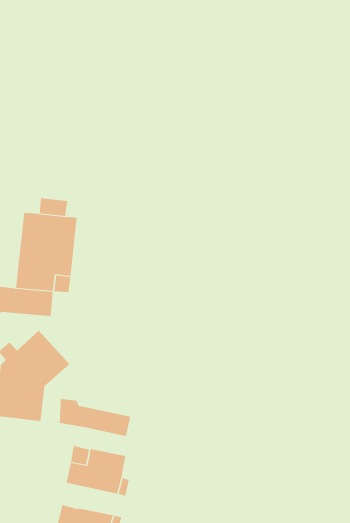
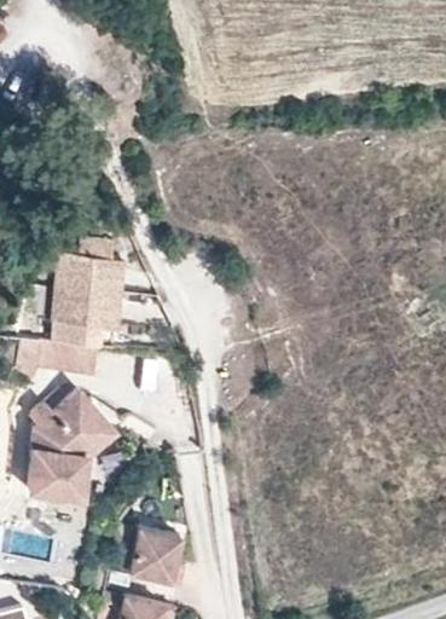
building: [59,398,131,437] -> none

